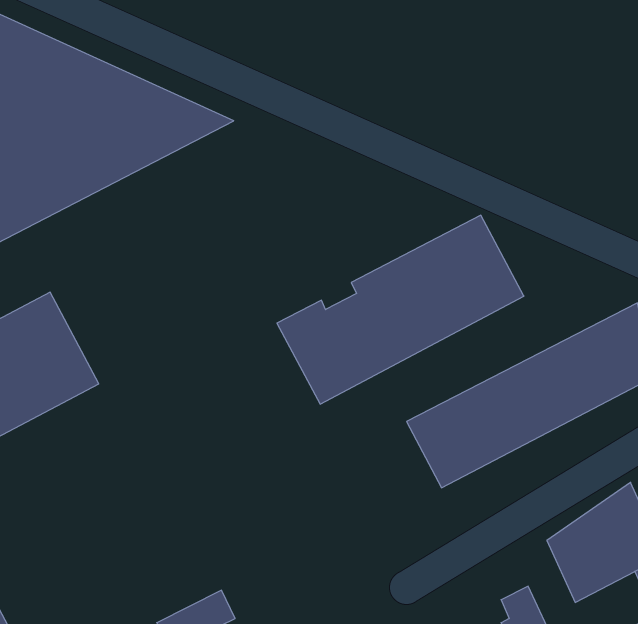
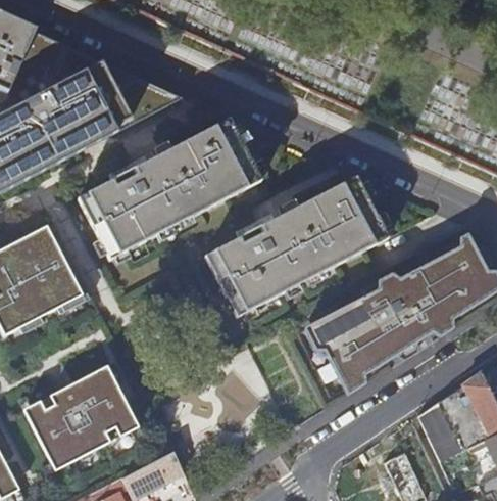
building: none -> [81,111,266,254]
building: none -> [19,368,135,472]

